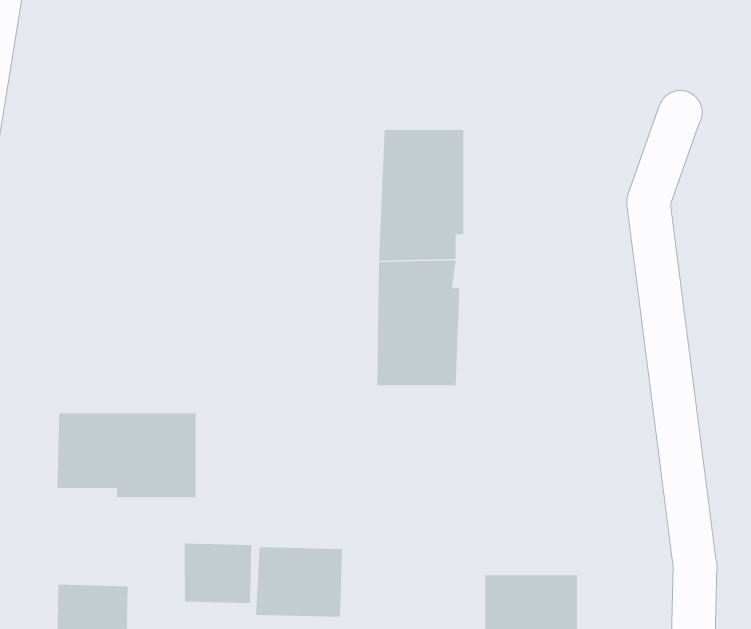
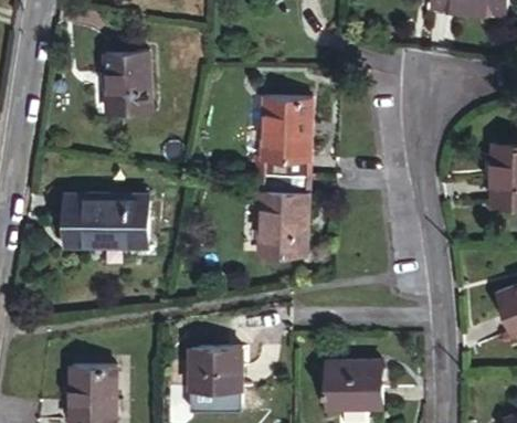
building: none -> [102,54,149,110]
building: [57,412,196,498] -> [67,195,150,246]
building: [184,543,252,604] -> none

